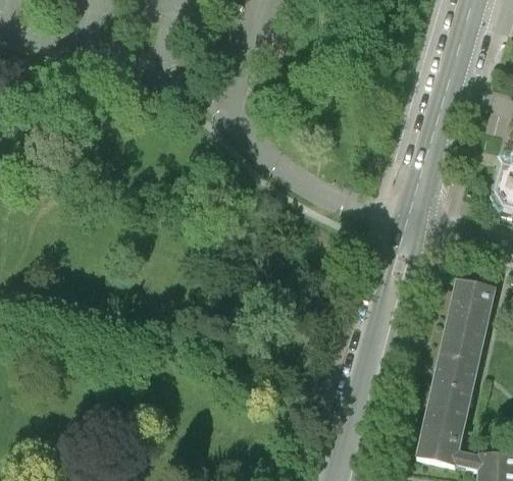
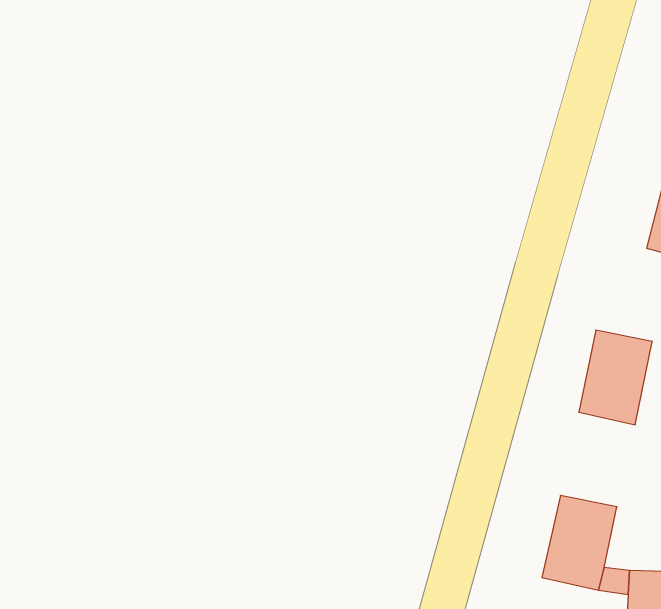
building: [429,336,483,405] -> none

